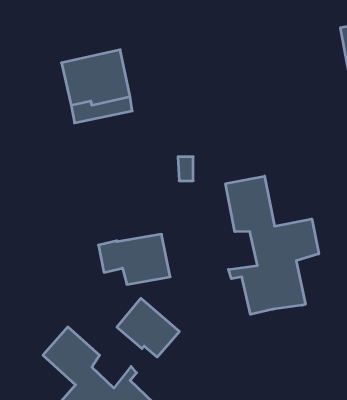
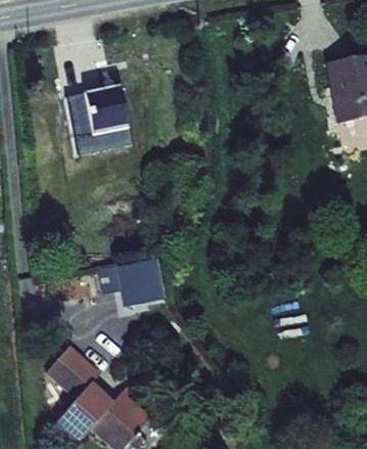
building: [226,176,319,314] -> none
building: [117,298,179,357] -> none

